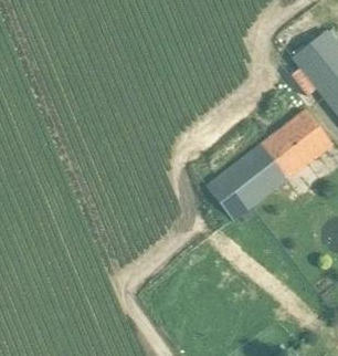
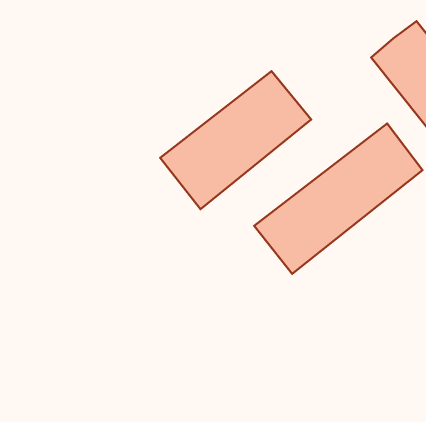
building: none -> [160,71,311,209]

